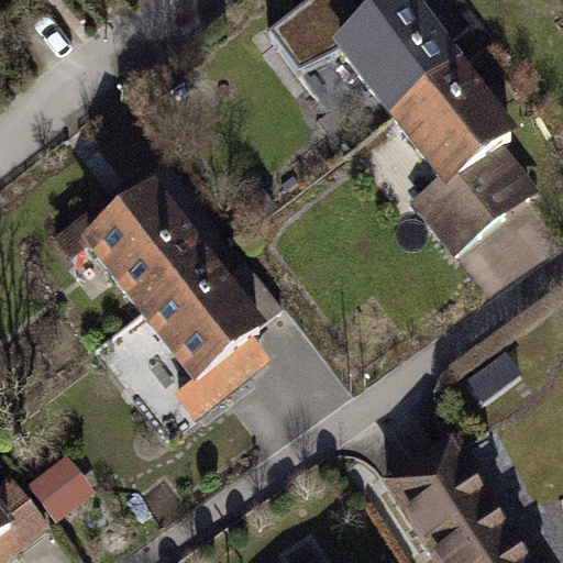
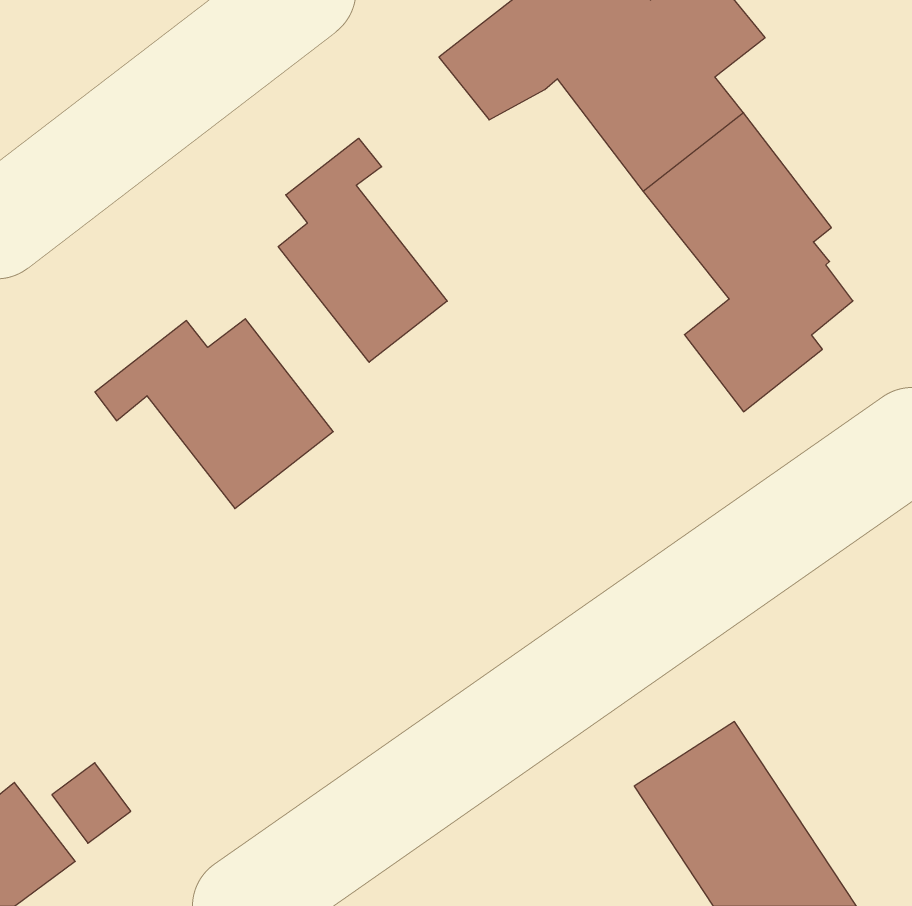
building: none -> [278,138,447,362]
building: [144,262,282,418] -> none

